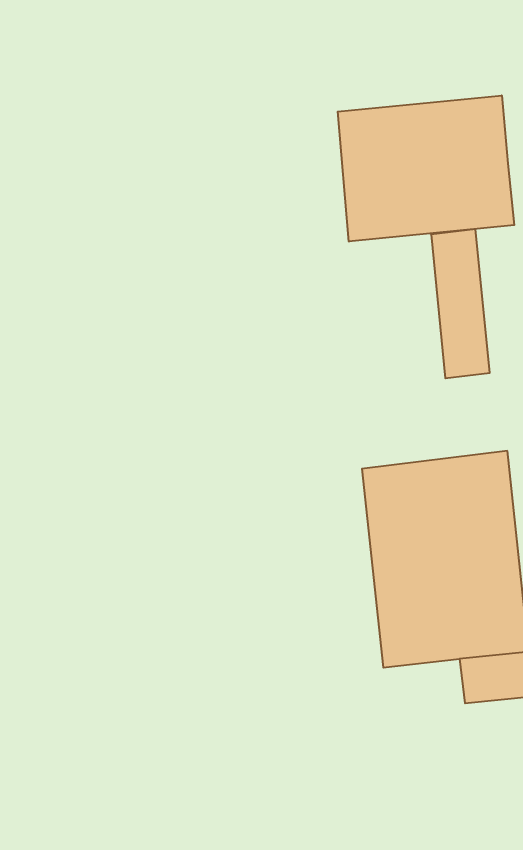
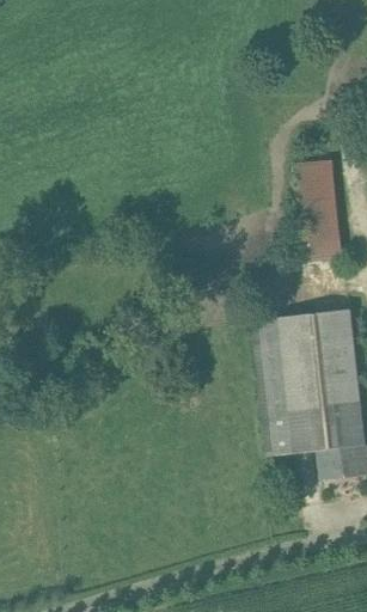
building: [338,95,514,242] -> none

